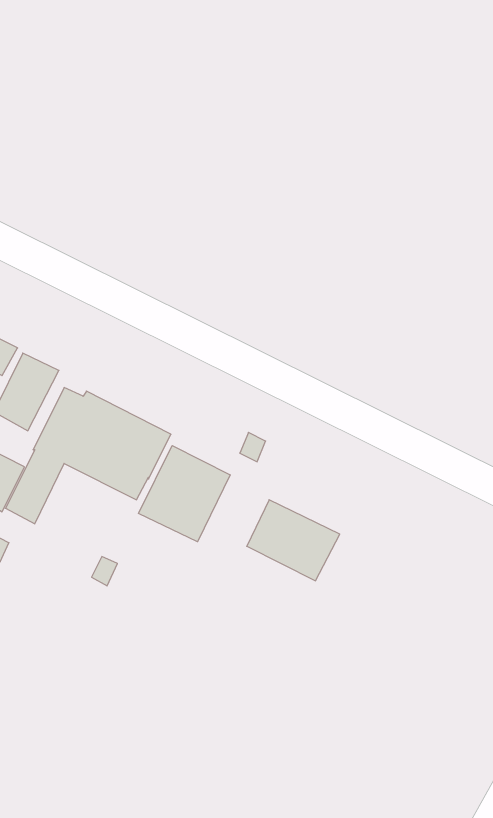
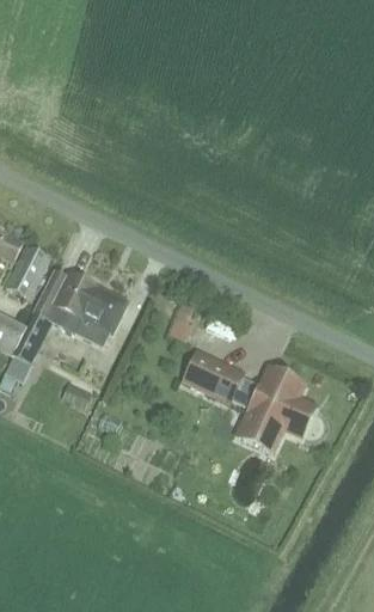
building: [138,446,230,542] -> none
building: none -> [243,367,312,437]

